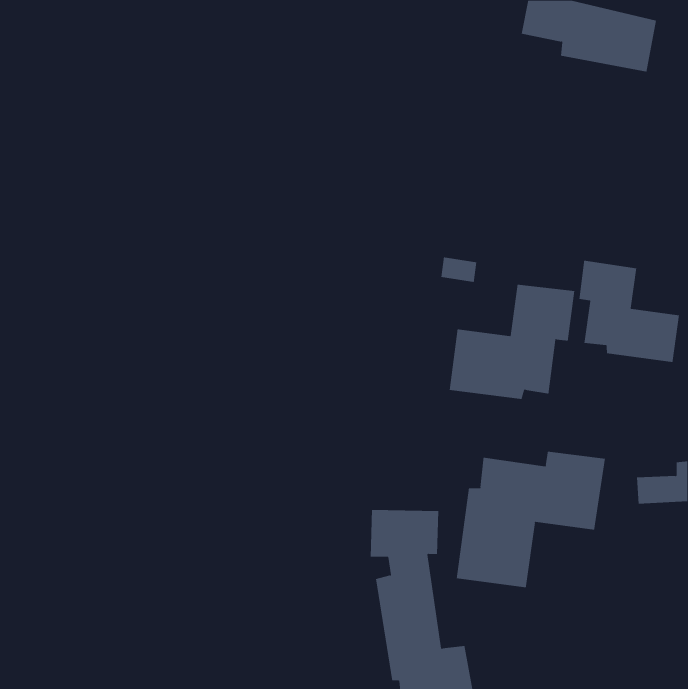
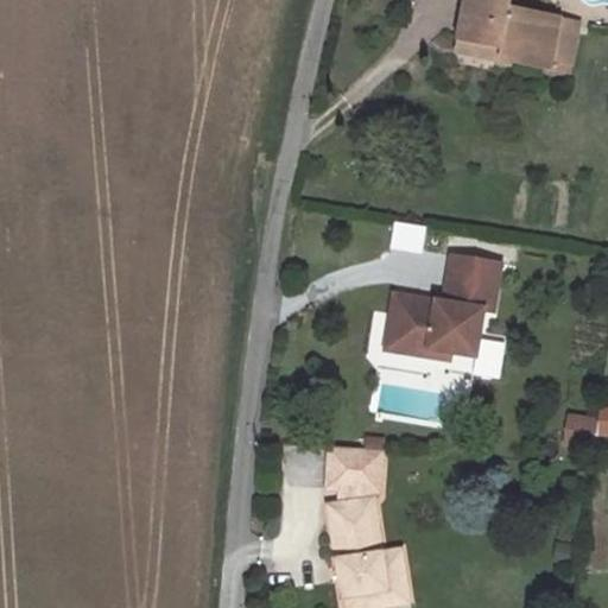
building: [579,260,679,363] -> none
building: [456,451,605,588] -> none

